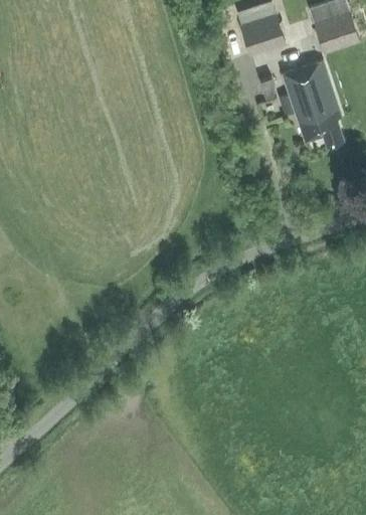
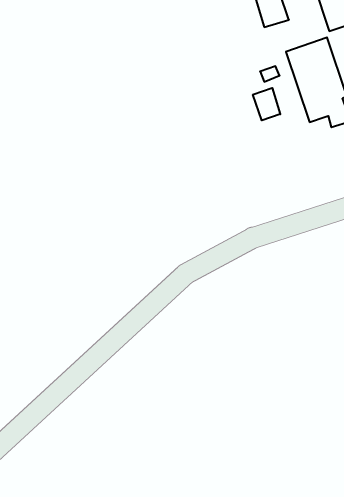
building: none -> [253,88,280,120]

